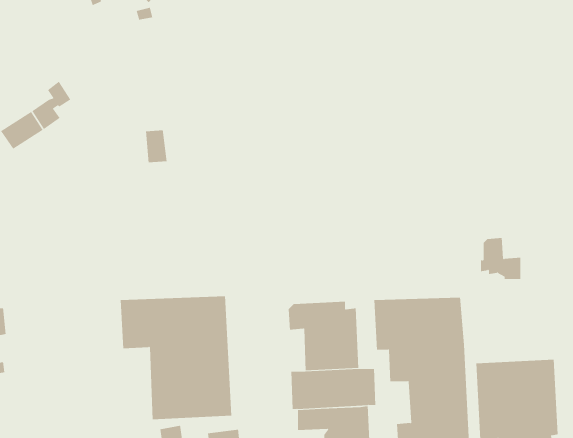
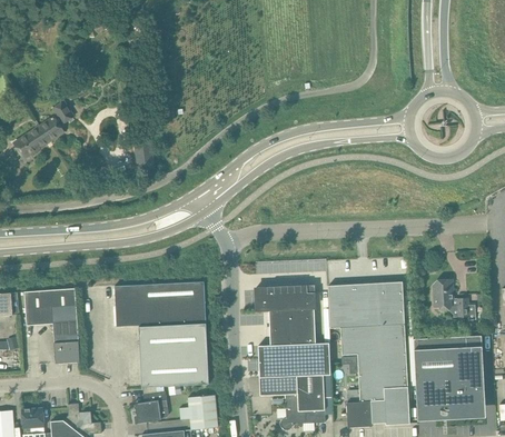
building: [480,237,521,280] -> [433,281,467,317]
building: none -> [23,288,79,364]

